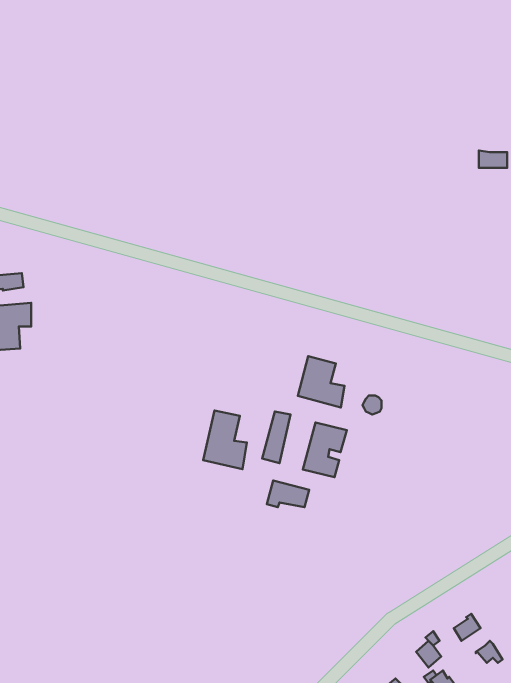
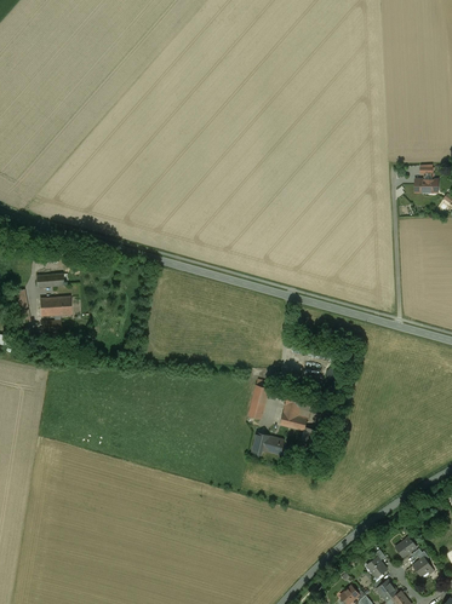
building: [298,356,345,407] -> none
building: [203,410,247,469] -> none

